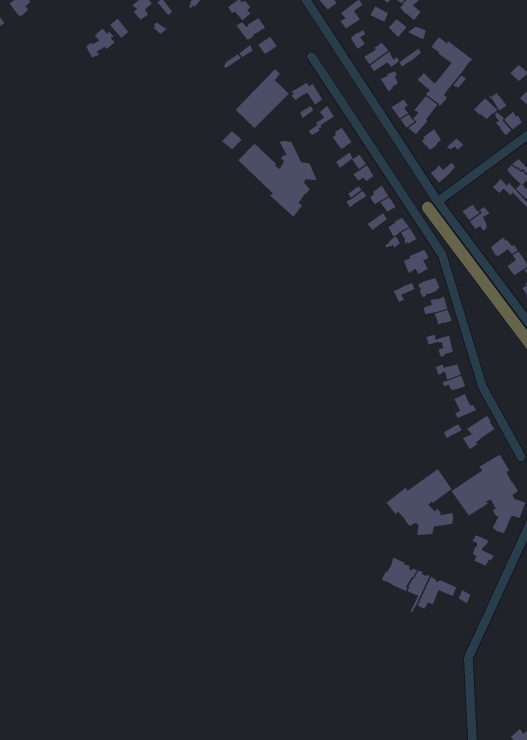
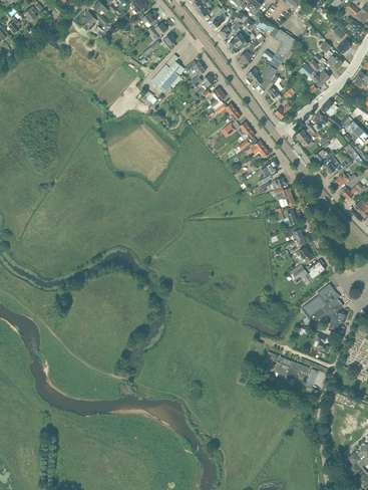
building: [237,140,317,217] -> none
building: [385,468,454,536] -> none

